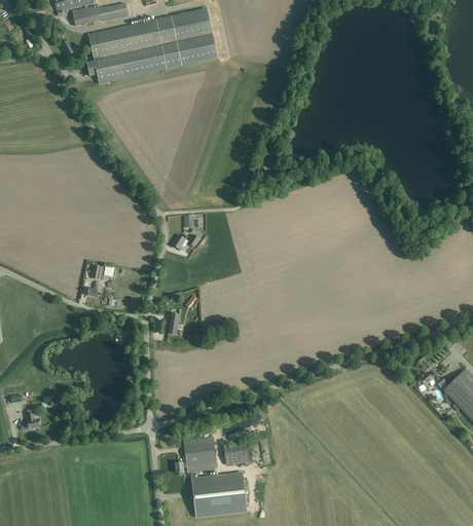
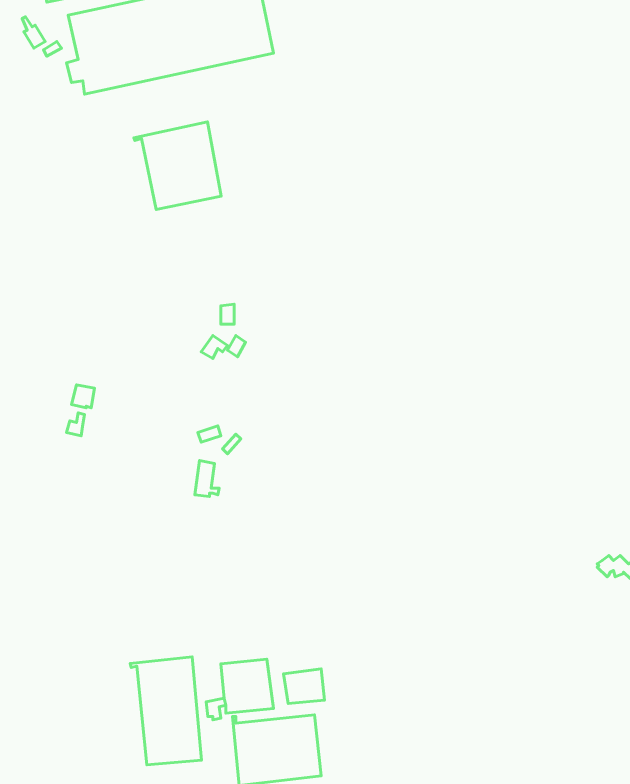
building: none -> [134,122,221,210]
building: none -> [130,657,201,765]

